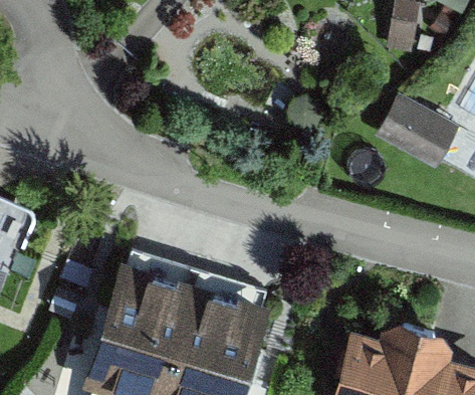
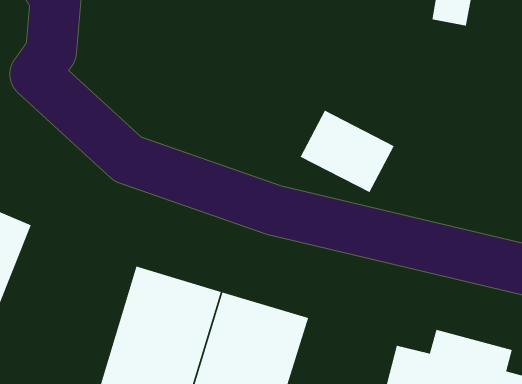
building: [375,94,459,169] -> [300,109,395,193]

